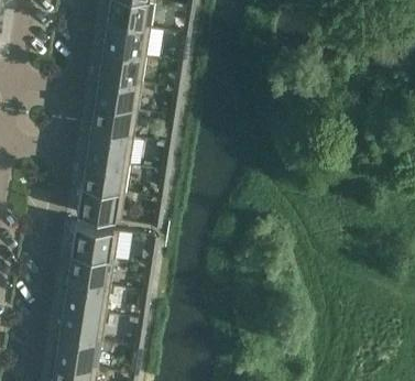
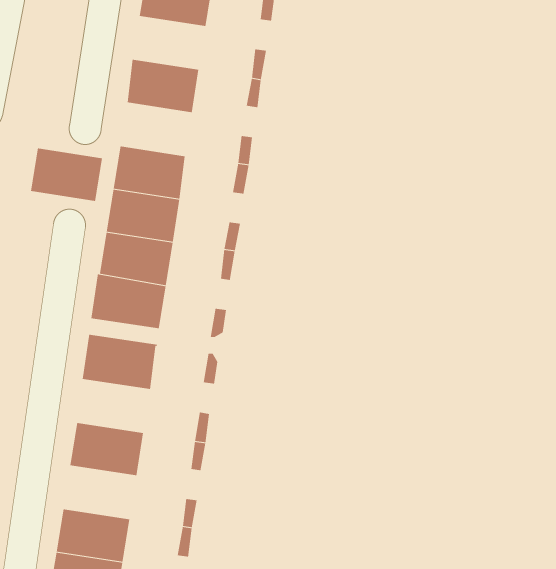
building: [102,21,150,55] -> none
building: [95,76,141,110] -> [30,148,103,201]
building: [67,252,114,286] -> none
building: [58,307,106,341] -> none

